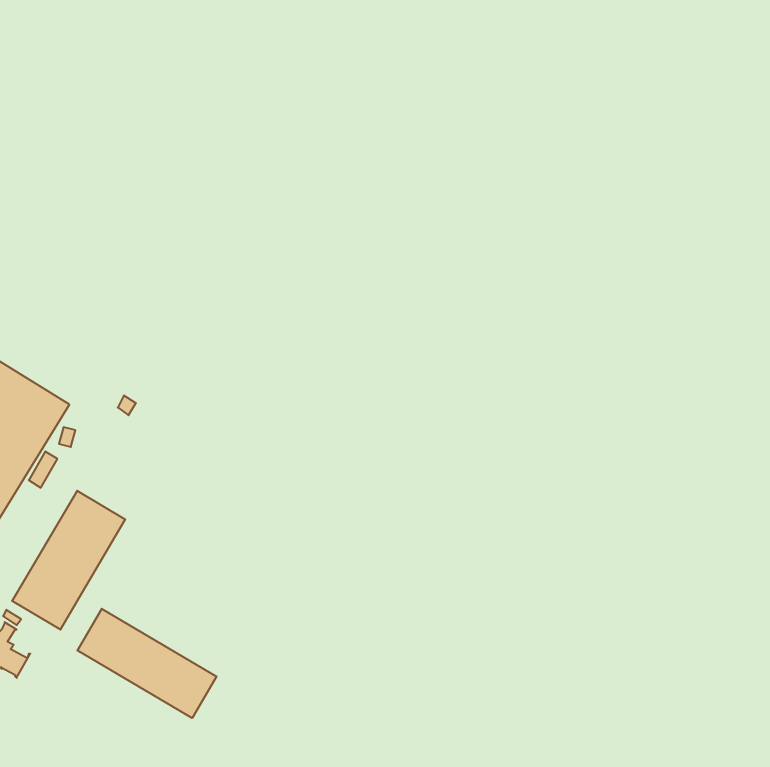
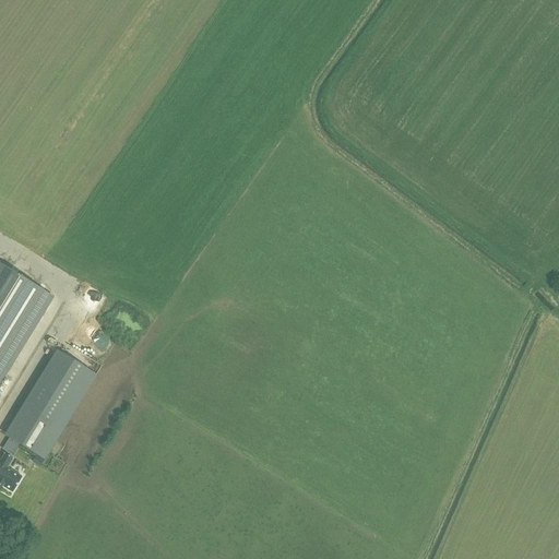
building: [77,609,216,718] -> none

